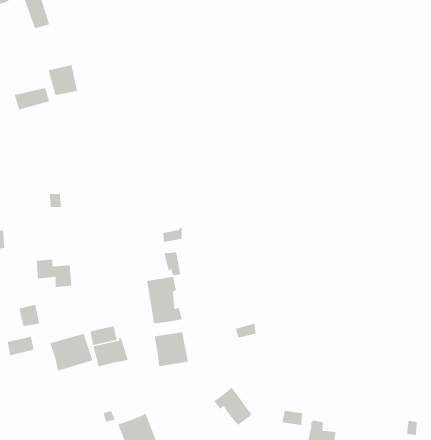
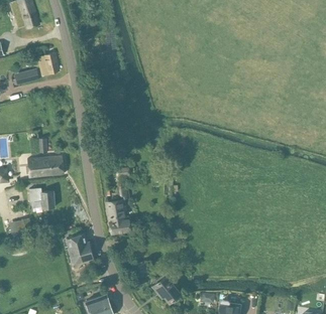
building: none -> [26,156,64,177]
building: [154,331,189,367] -> none
building: [50,333,94,372] -> none

